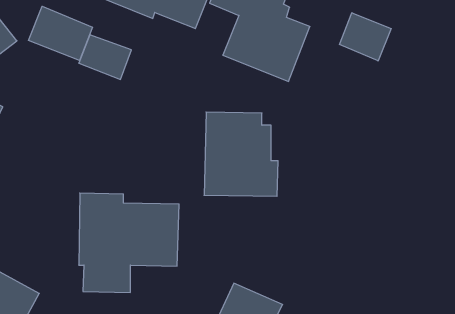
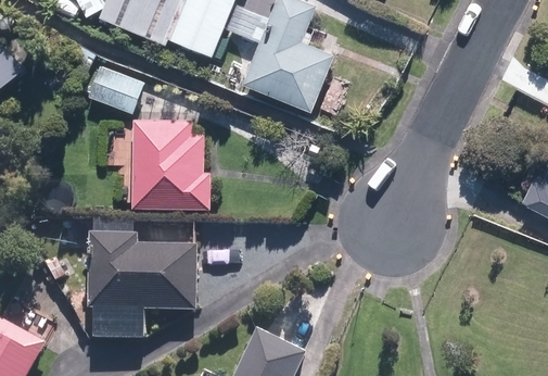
building: [28,6,92,60] -> none
building: [339,13,391,61] -> none
building: [204,112,278,196] -> [130,117,209,208]

